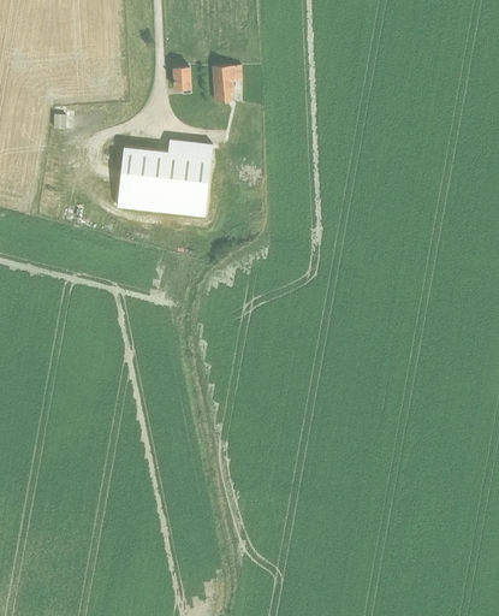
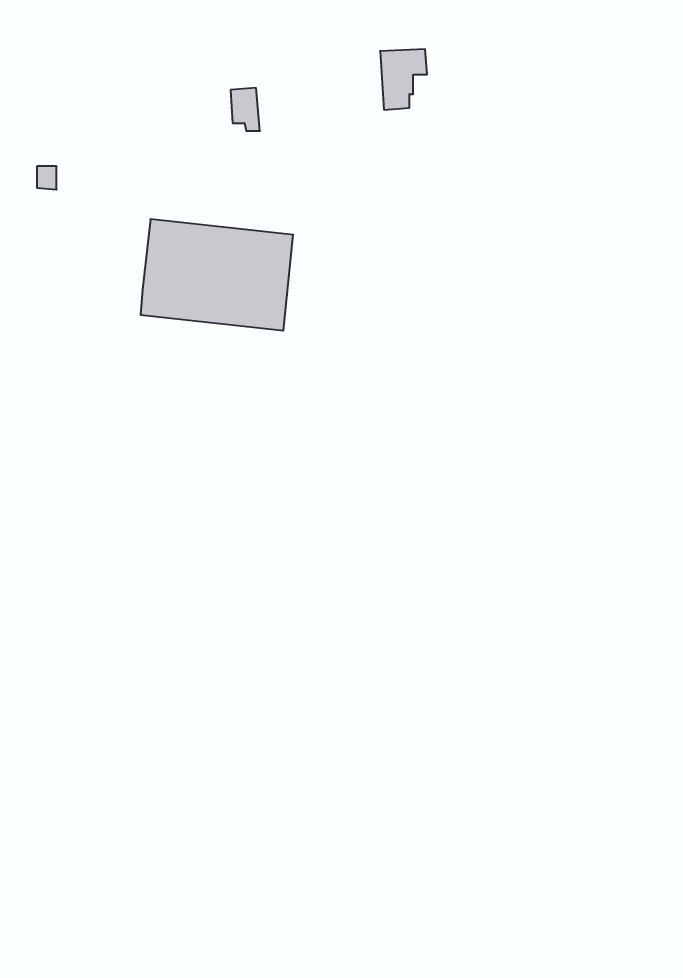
building: [213,64,242,101] -> [380,49,427,110]

